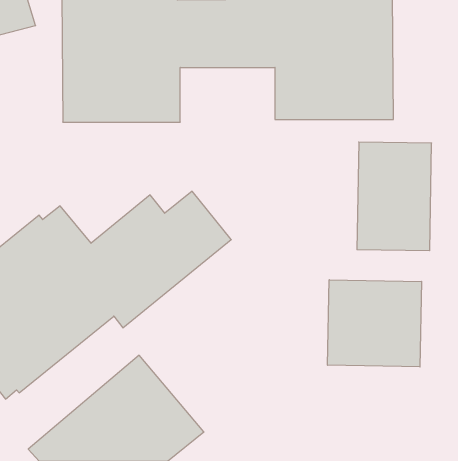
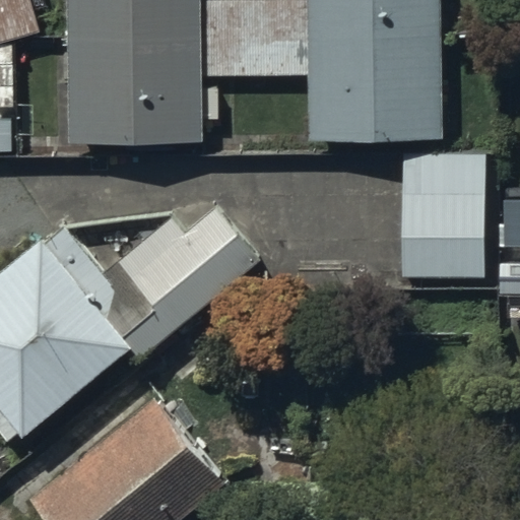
building: [328,280,422,367] -> none

